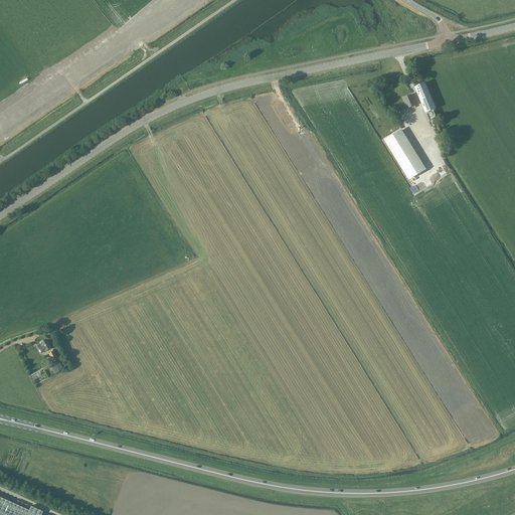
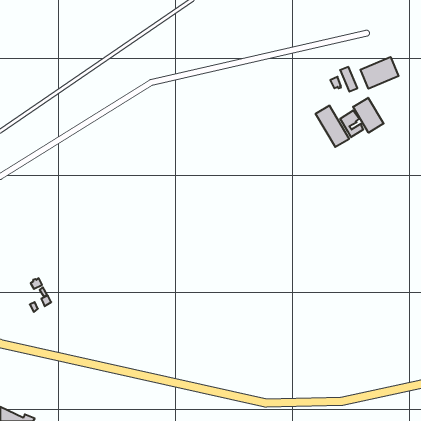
building: none -> [360,57,399,89]
building: none -> [353,98,384,133]

